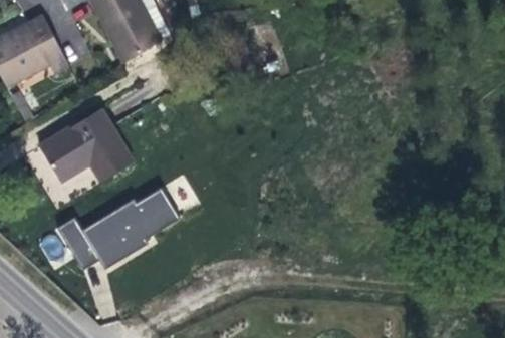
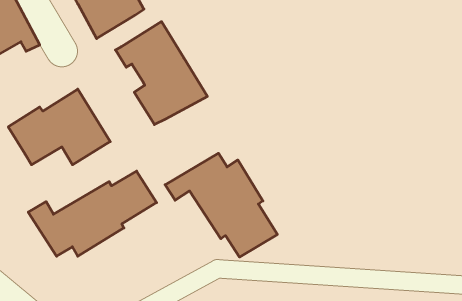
building: none -> [115,22,207,125]
building: none -> [165,153,277,257]

